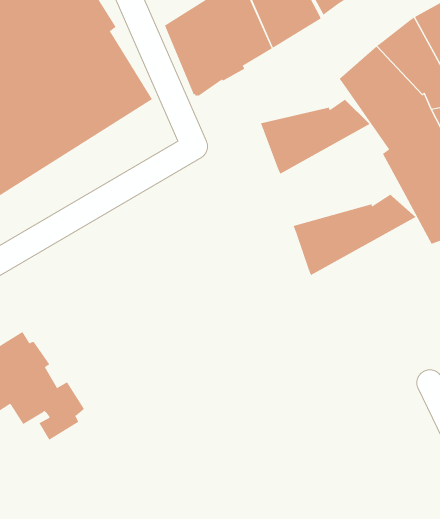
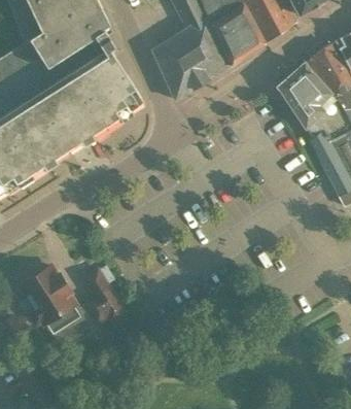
building: [260,99,371,174] -> none
building: [293,194,416,276] -> none
building: none -> [82,268,132,333]

